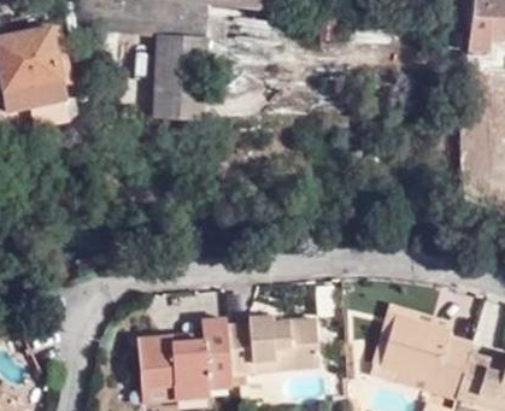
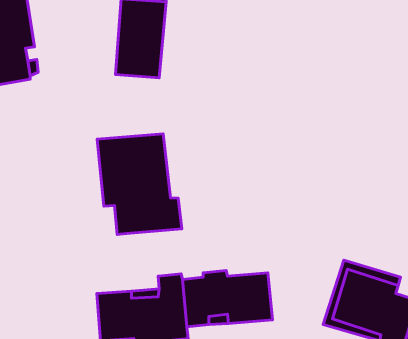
building: none -> [97,134,182,235]

